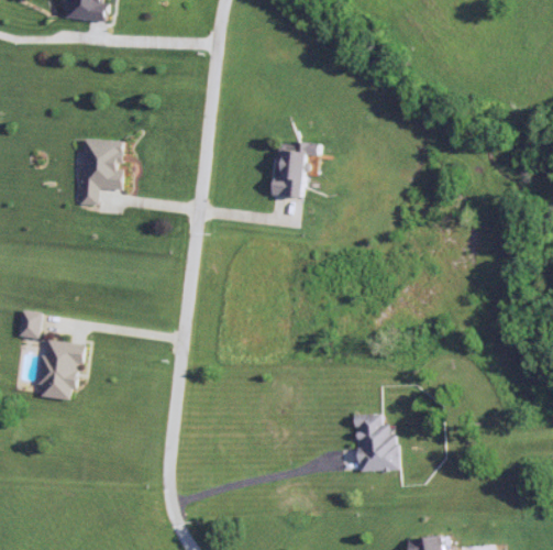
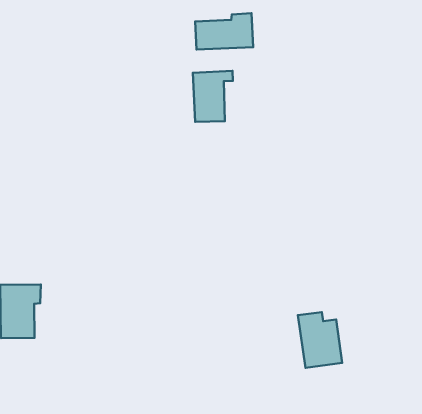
building: none -> [195,13,253,49]
building: [77,138,123,205] -> none

